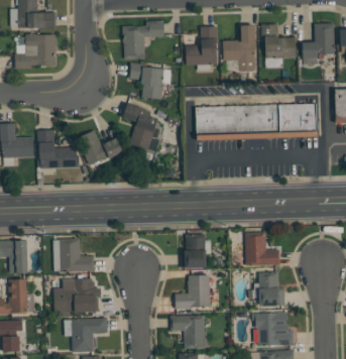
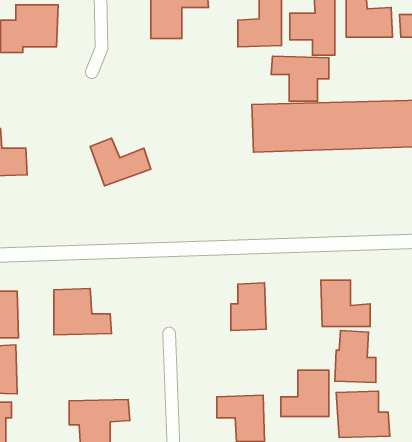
building: [129,66,170,98] -> [271,56,329,101]
building: [123,104,163,151] -> none
building: [38,130,78,168] -> none
building: [176,274,210,308] -> [281,370,329,417]
building: [53,278,100,313] -> none

